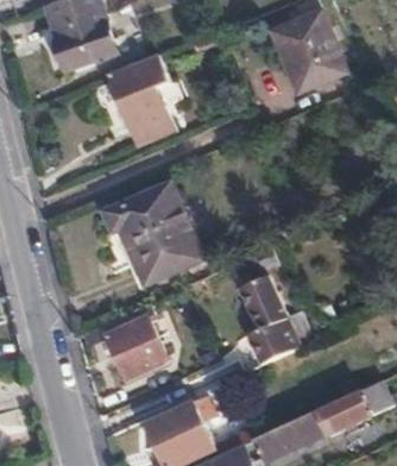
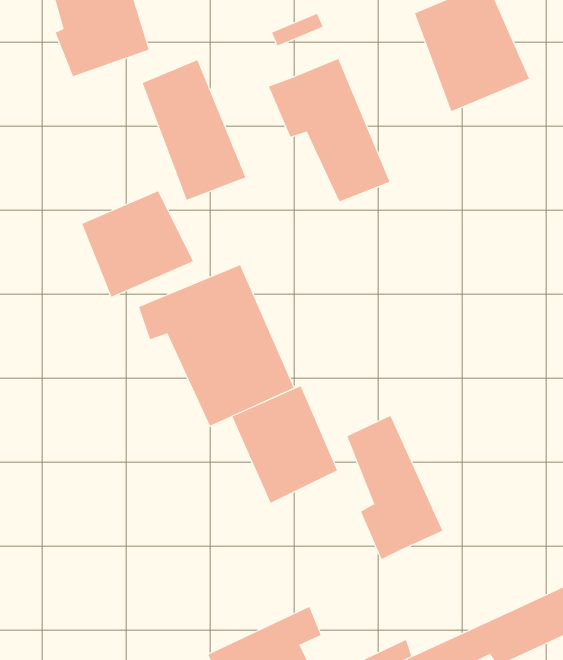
building: none -> [268,58,390,202]
building: none -> [82,190,194,298]
building: [102,308,168,380] -> [232,386,338,503]

